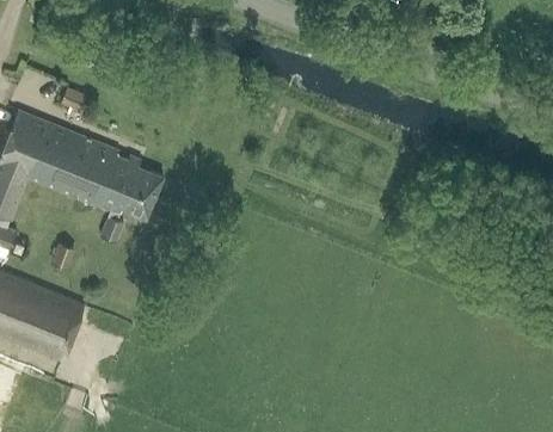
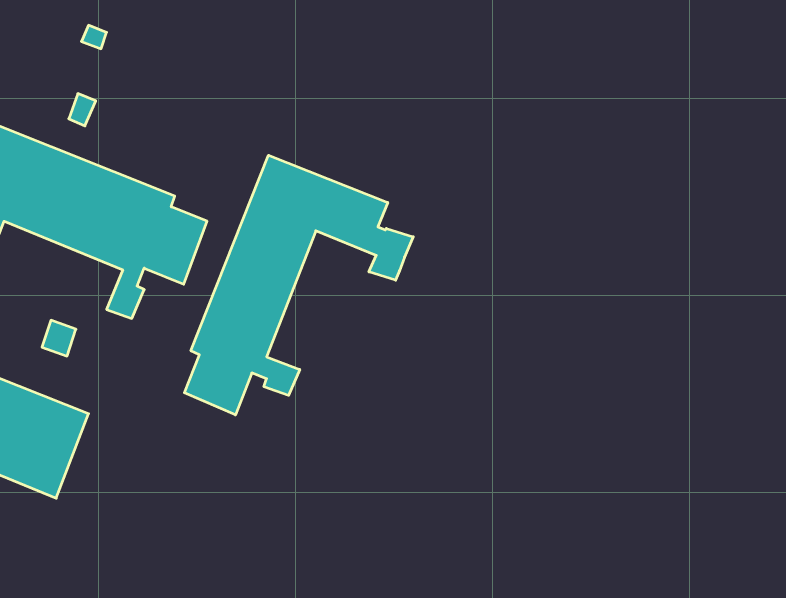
building: none -> [184,155,413,415]

